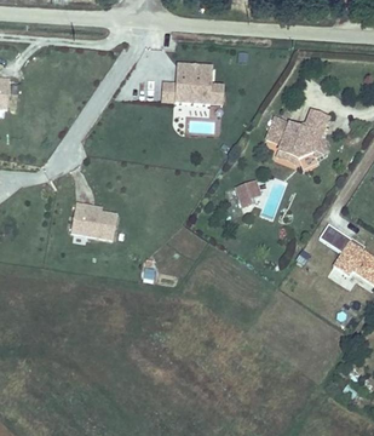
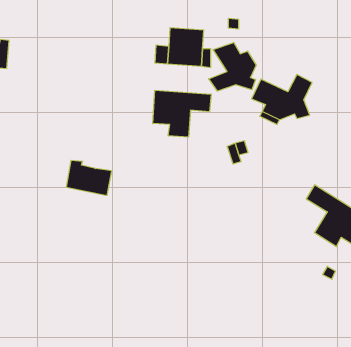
building: none -> [209,42,256,91]
building: none -> [153,90,211,137]

